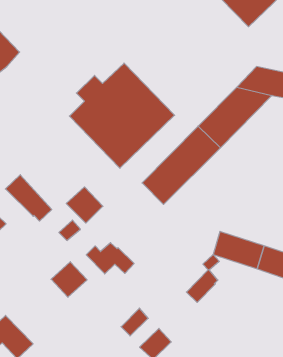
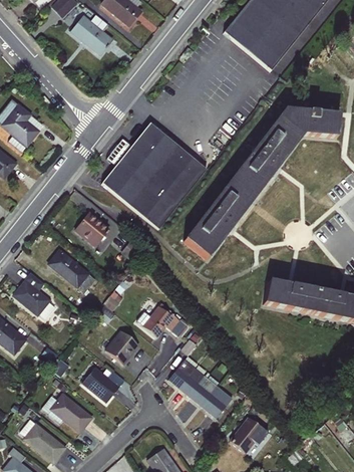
building: [66,187,103,223] -> [74,211,111,247]
building: [186,254,219,302] -> [168,338,199,389]
building: none -> [82,367,125,403]
building: none -> [191,377,219,407]

